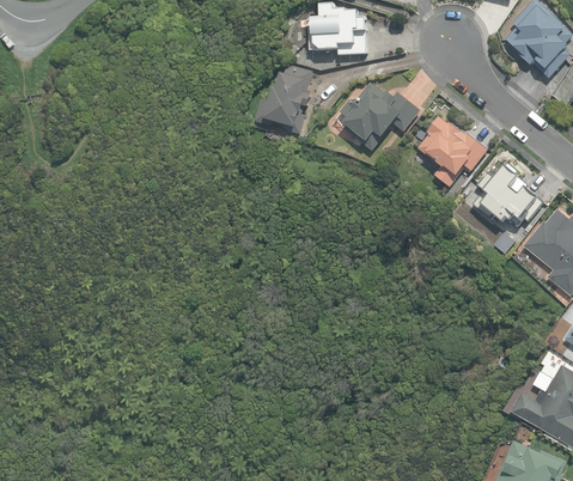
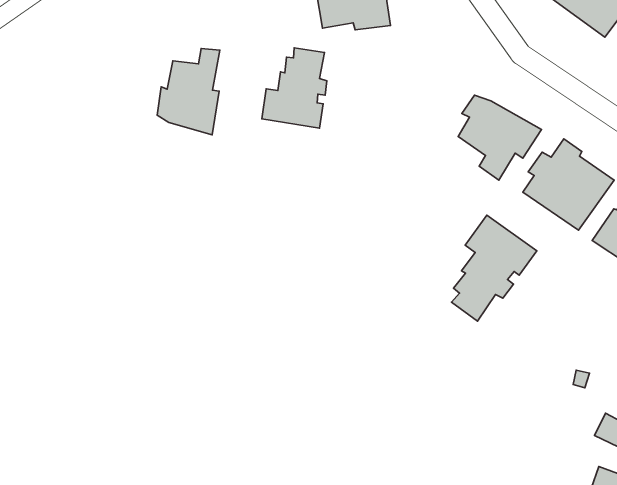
building: none -> [157,48,220,135]
building: [340,80,420,151] -> none
building: none -> [452,215,537,321]

